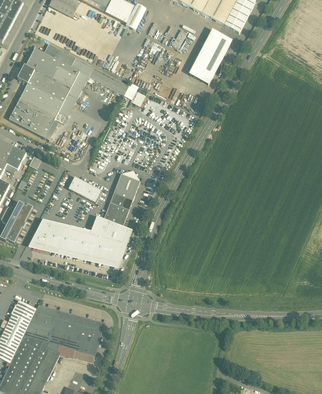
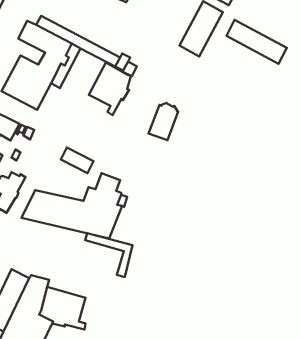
building: none -> [226,20,287,64]
building: [17,65,52,92] -> none
building: none -> [89,63,131,115]
building: [109,171,139,209] -> [149,103,178,140]
building: [54,310,102,354] -> [85,233,133,277]

